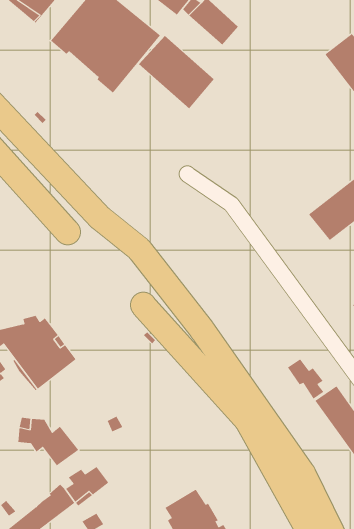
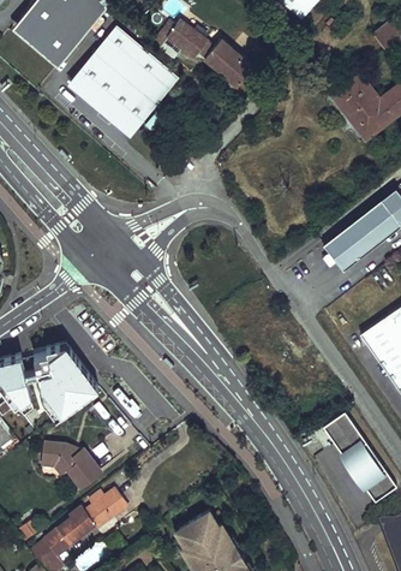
building: [138,35,215,109] -> none
building: [287,359,324,400] -> none

